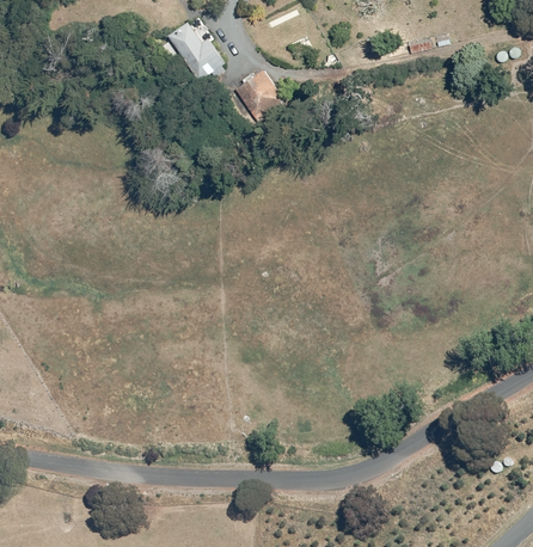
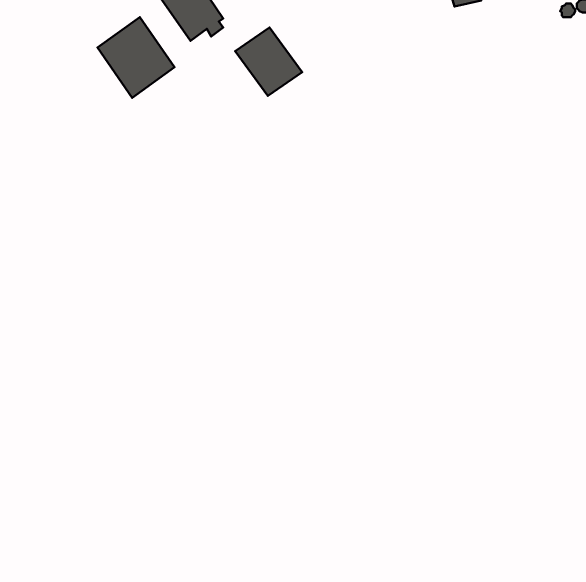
building: none -> [98,17,174,98]

